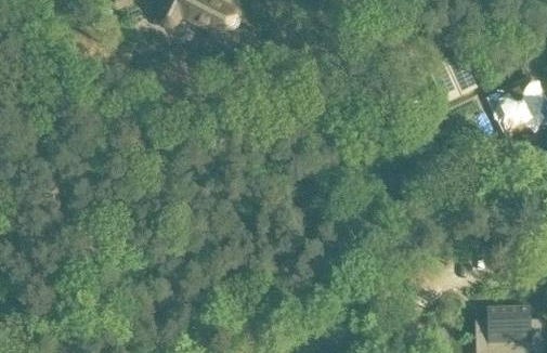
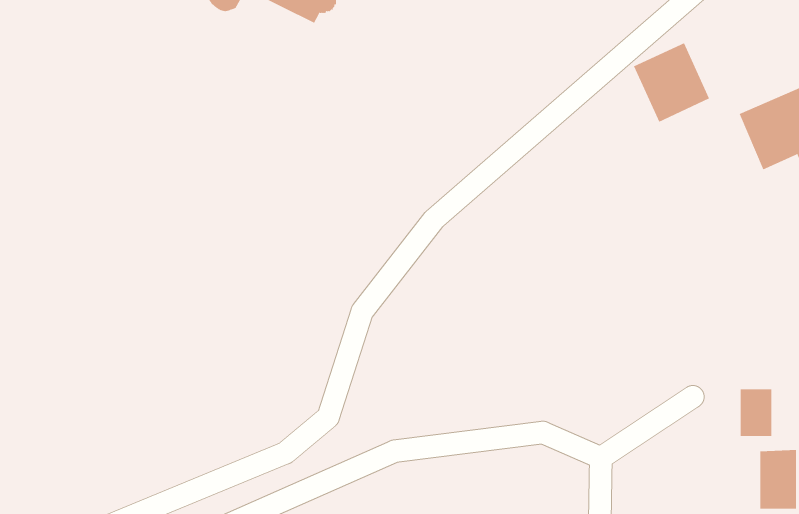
building: [491,311,511,341] -> [740,389,772,436]

